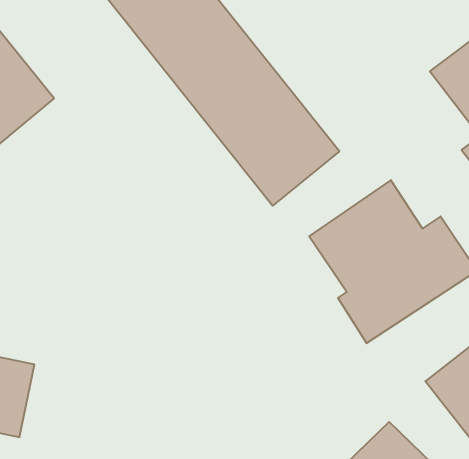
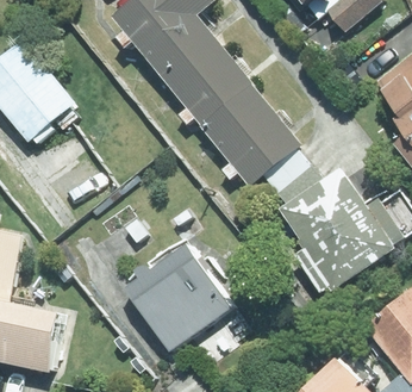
building: none -> [120,239,230,350]

